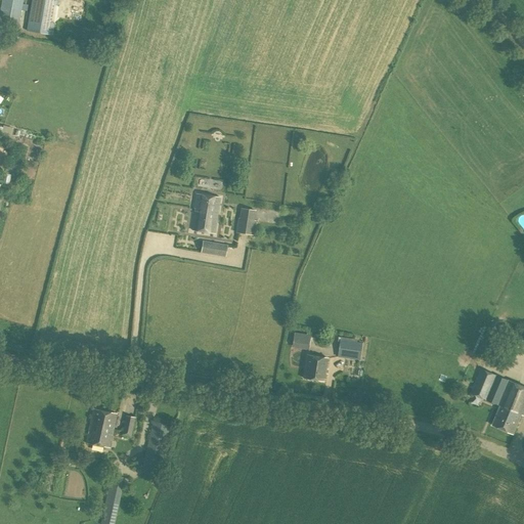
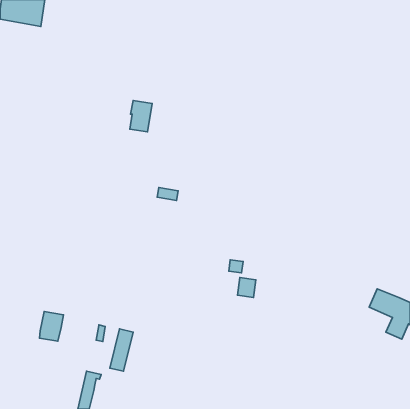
building: [191,192,220,232] -> [130,100,152,132]
building: [235,207,255,234] -> none
building: [337,339,362,359] -> none
building: [86,408,117,446] -> [39,312,64,341]

